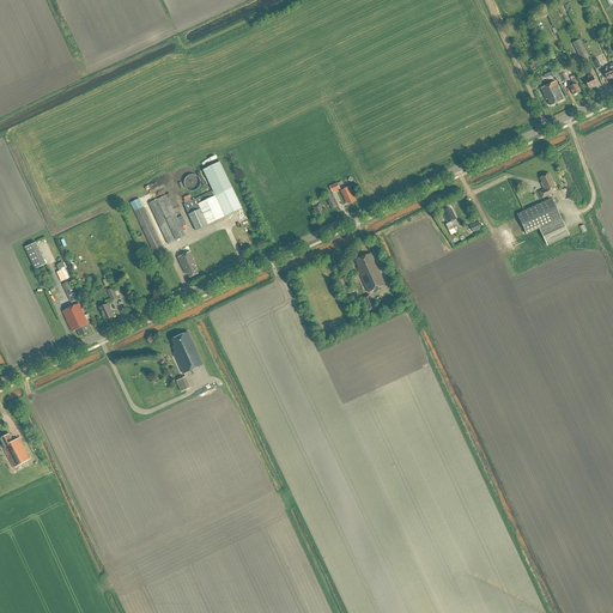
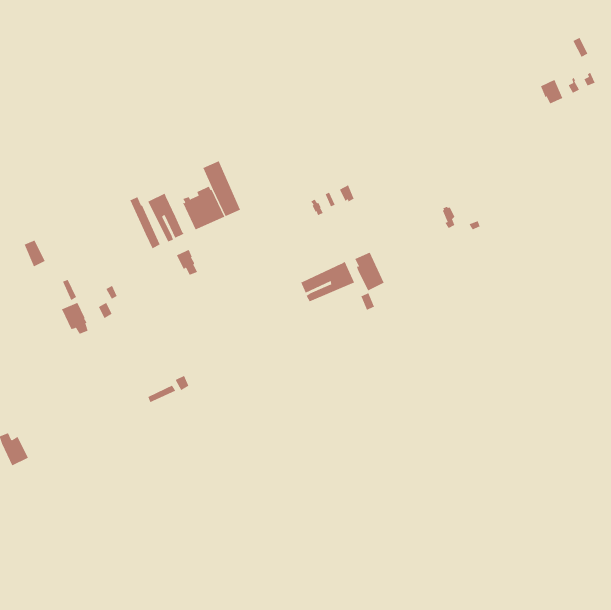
building: [516,171,568,243] -> none
building: none -> [300,261,355,302]
building: [171,329,202,371] -> none

